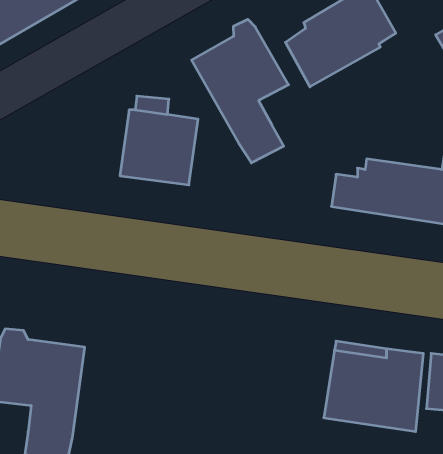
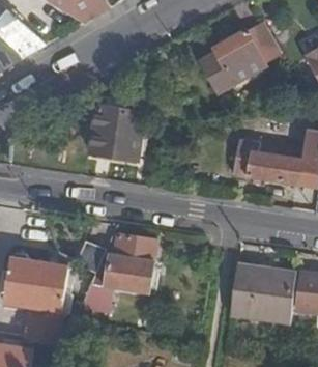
building: [192,19,289,163] -> none
building: none -> [81,235,155,314]

